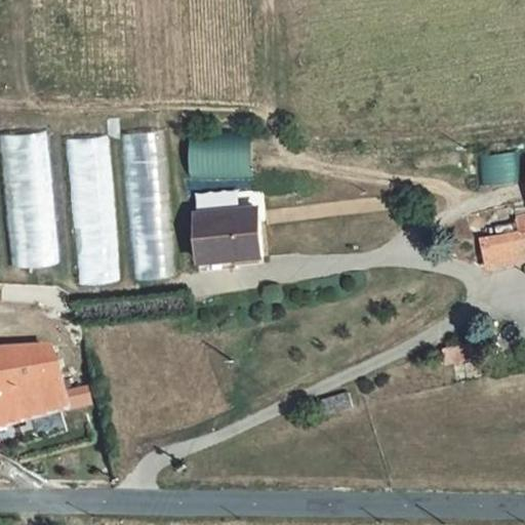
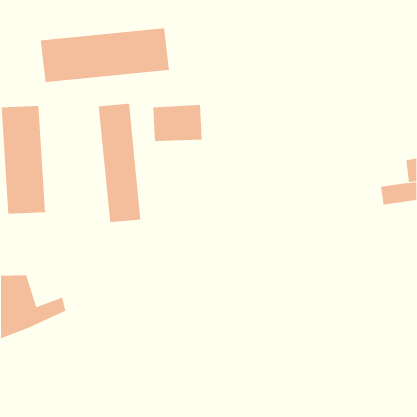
building: none -> [40,27,169,83]
building: [69,137,118,284] -> none
building: [181,207,249,264] -> none

